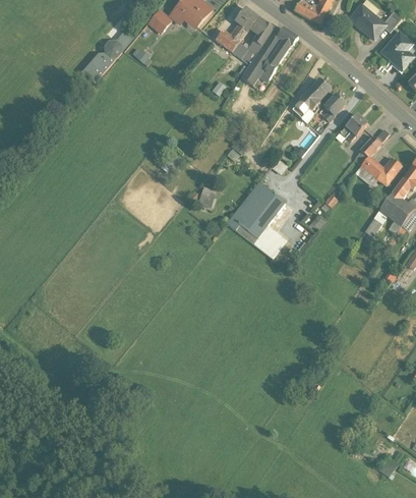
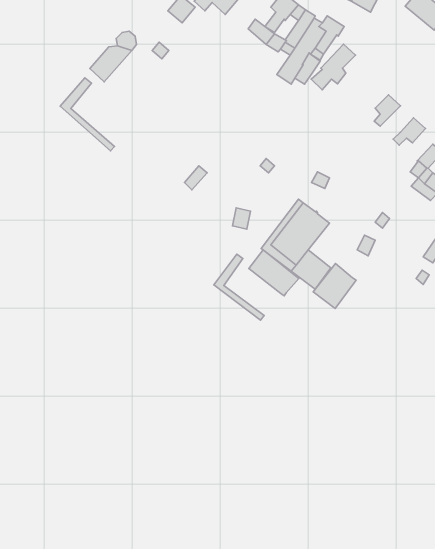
building: [292,78,330,117] -> [311,44,356,90]
building: none -> [60,78,115,151]
building: none -> [249,250,299,296]
building: none -> [214,254,264,320]
building: none -> [313,263,356,309]

